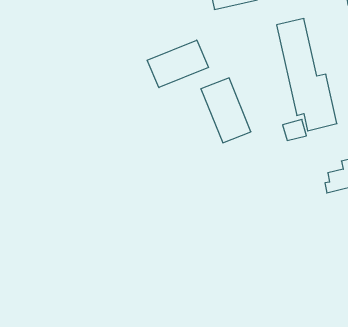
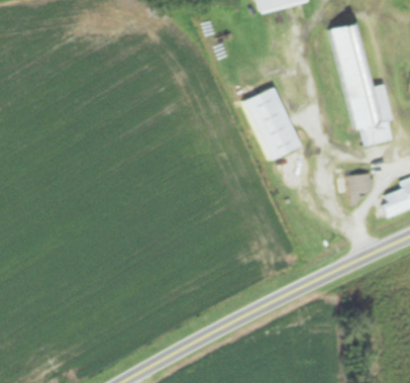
building: [147,40,208,88] -> none
building: [283,119,306,140] -> [345,172,372,195]

